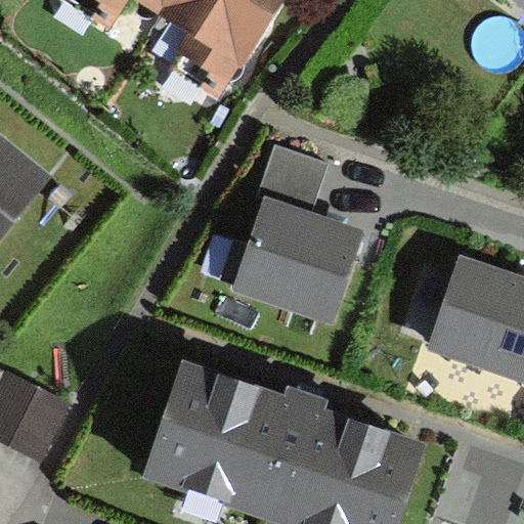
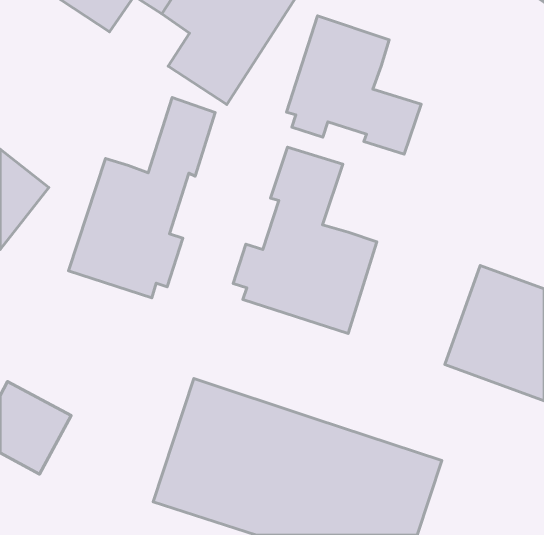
building: none -> [287,16,421,154]
building: none -> [69,98,215,298]

